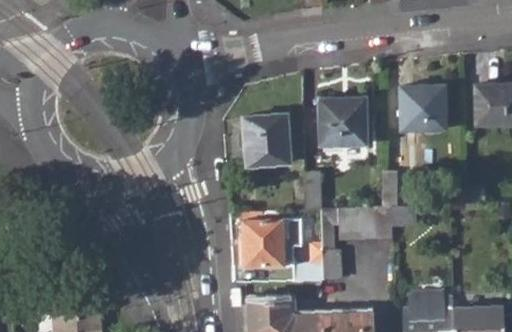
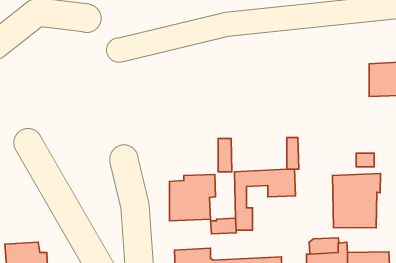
building: [401,86,446,131] -> none
building: [315,100,363,148] -> none
building: [238,118,283,169] -> none
building: none -> [332,173,380,228]

